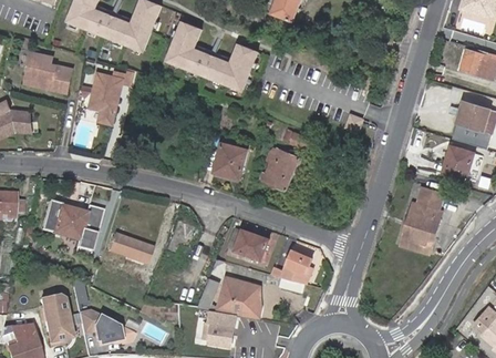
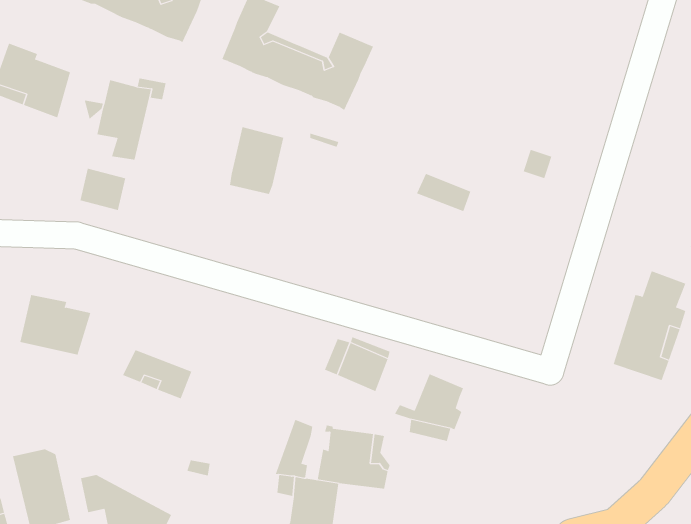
building: none -> [80,168,126,211]
building: [213,143,246,184] -> [229,127,284,194]
building: [259,146,299,195] -> none
building: [75,206,102,253] -> none

